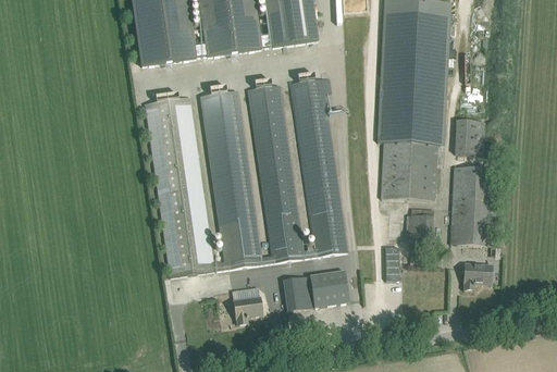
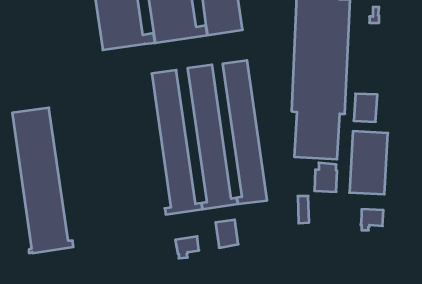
building: [145,96,221,276] -> [12,108,73,253]
building: [309,270,349,306] -> none

